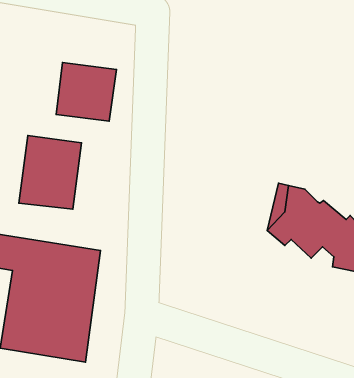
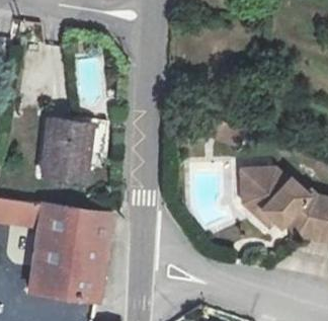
building: [56,62,117,121] -> none

